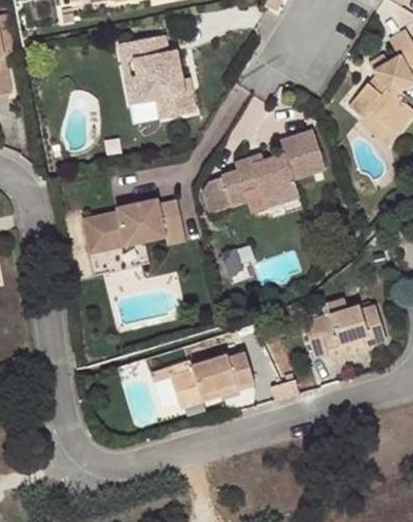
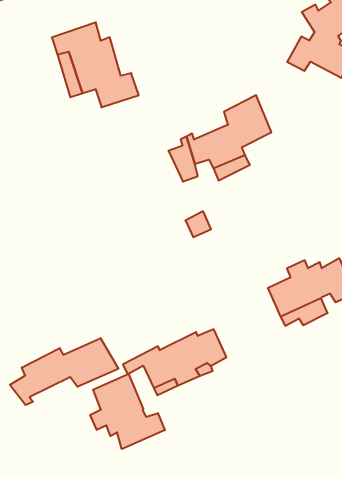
building: [83,201,183,254] -> none
building: none -> [10,338,118,405]
building: none -> [90,374,165,449]

